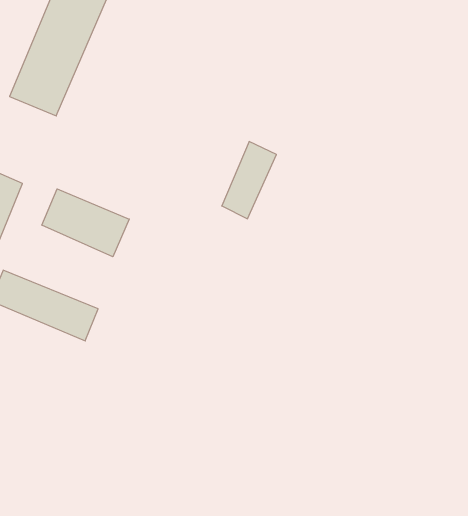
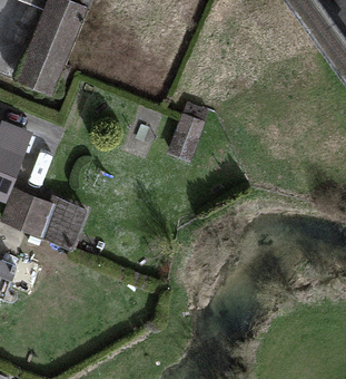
building: [42,189,129,257] -> none

